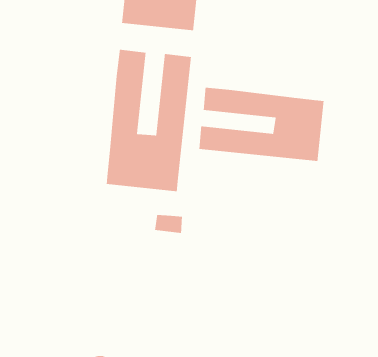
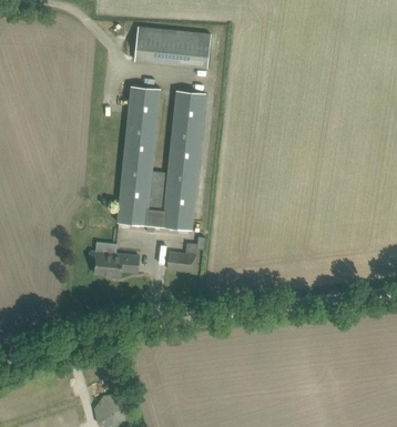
building: [198,87,325,162] -> none
building: none -> [90,251,140,276]

